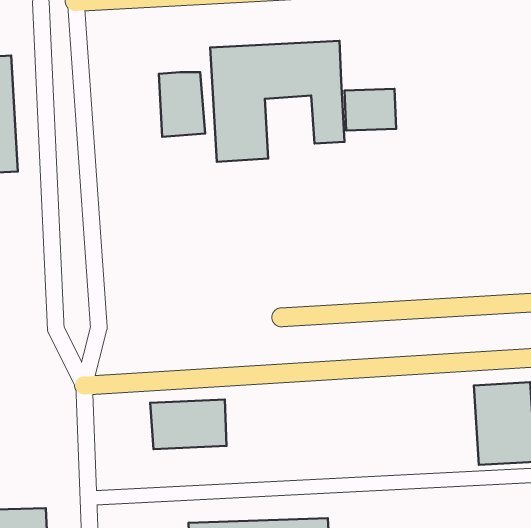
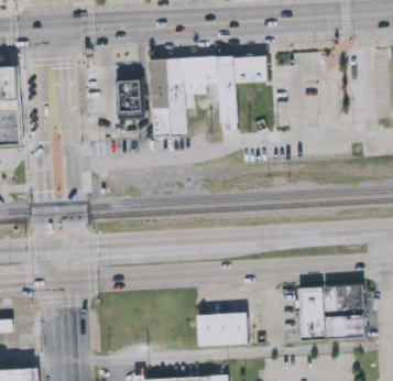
building: [345,89,396,130] -> [234,55,269,83]
building: none -> [297,286,324,339]
building: [150,399,227,449] -> [196,313,247,346]

